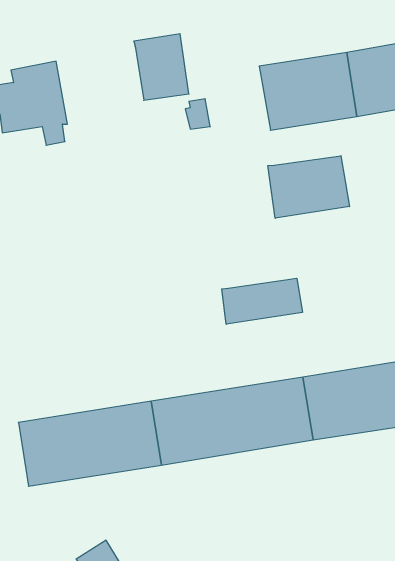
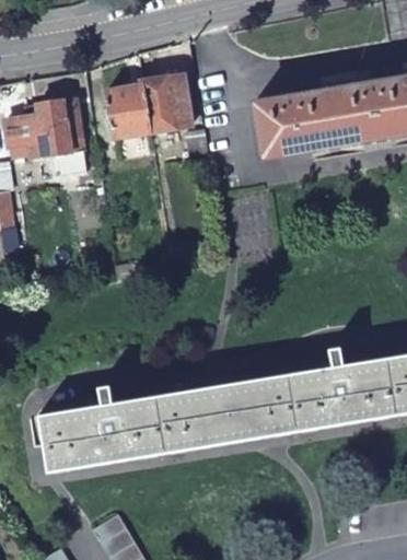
building: none -> [106,85,153,139]
building: [268,156,349,218] -> none
building: [222,278,302,324] -> none

